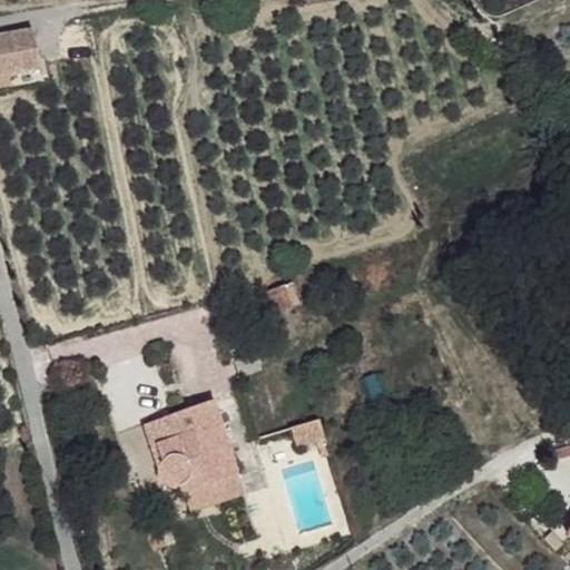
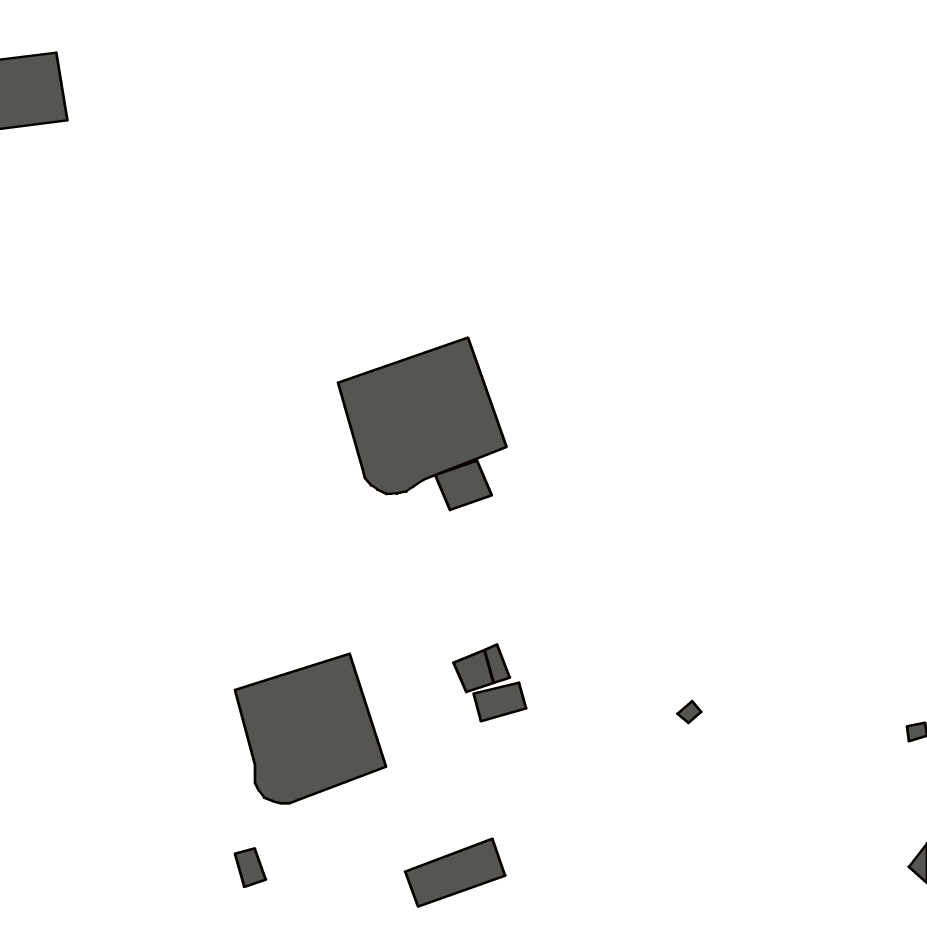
building: none -> [338,338,506,494]
building: [183,469,244,510] -> [405,839,505,906]

